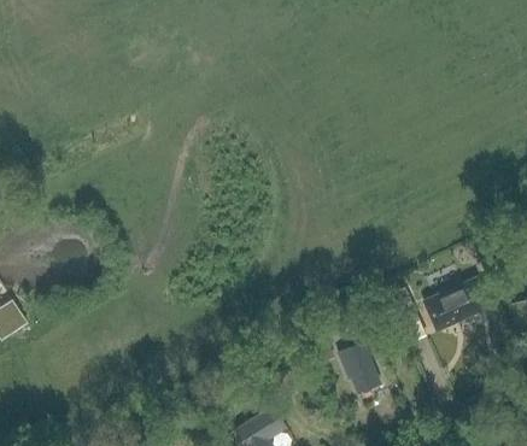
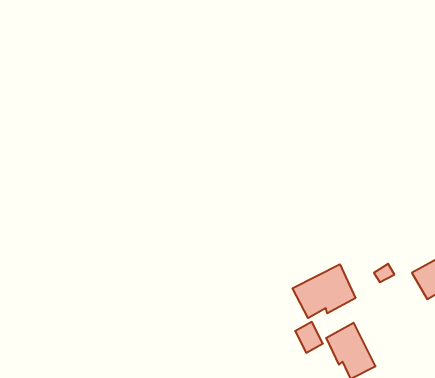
building: none -> [293,264,355,318]

